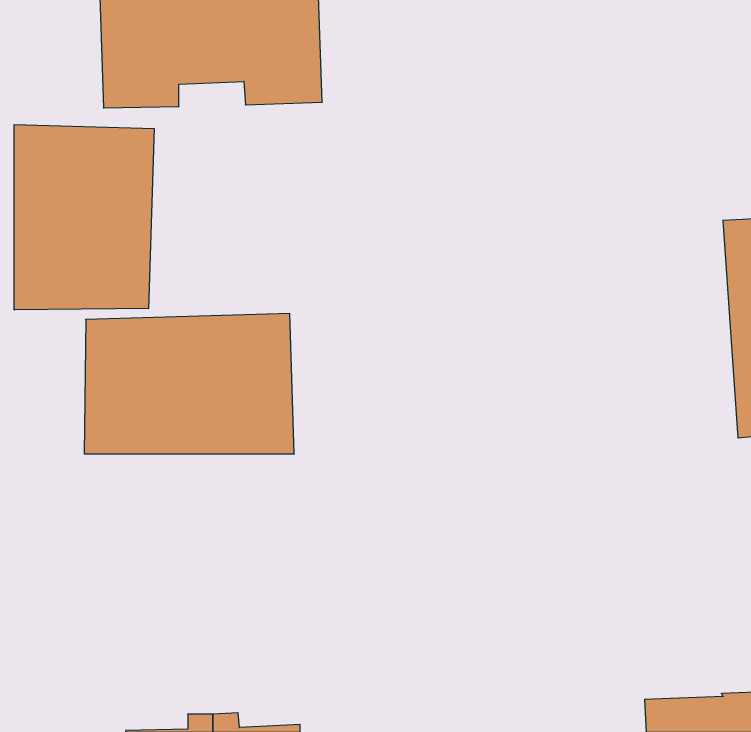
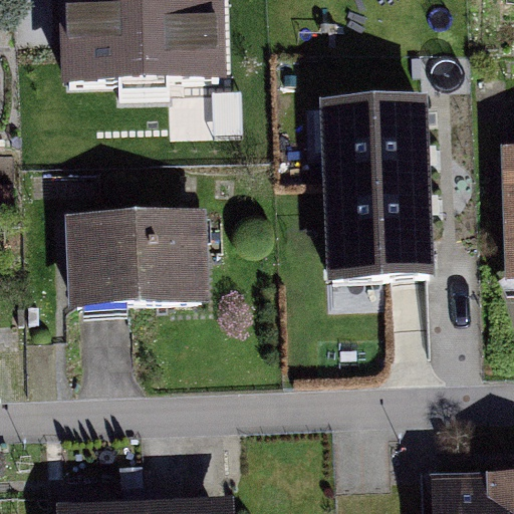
building: [14,125,154,310] -> none
building: none -> [329,93,432,271]

